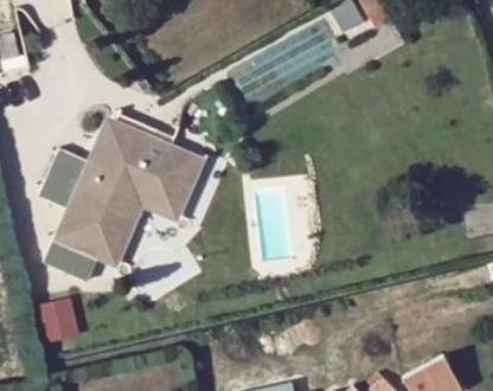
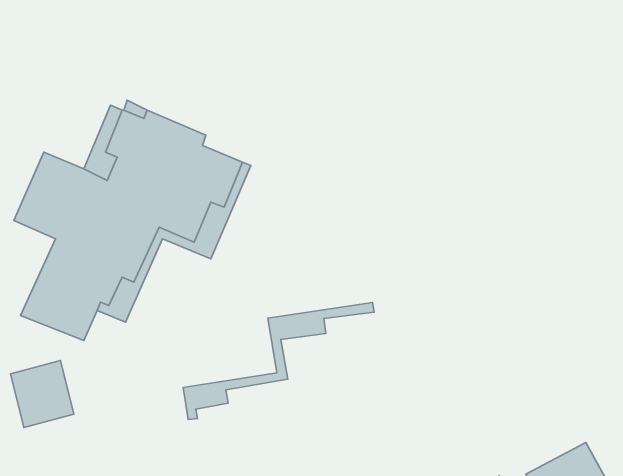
building: none -> [183,303,374,420]

